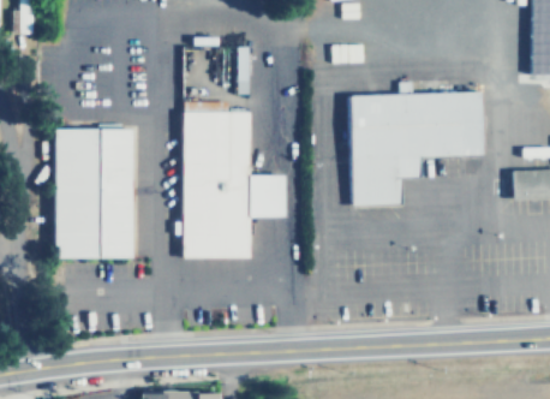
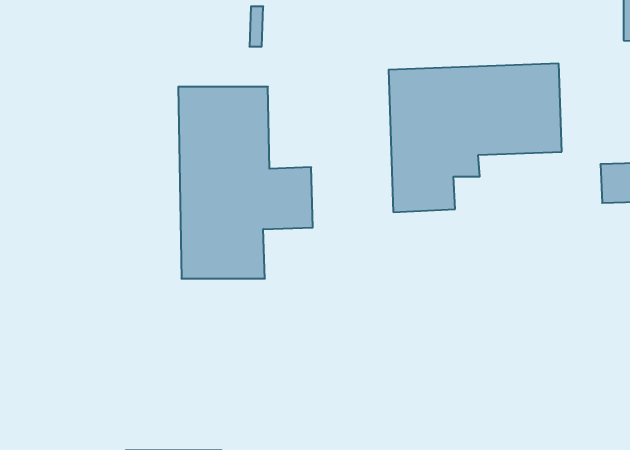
building: [55,127,133,260] -> none

